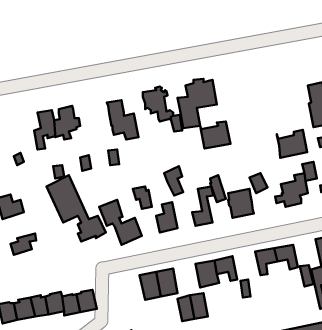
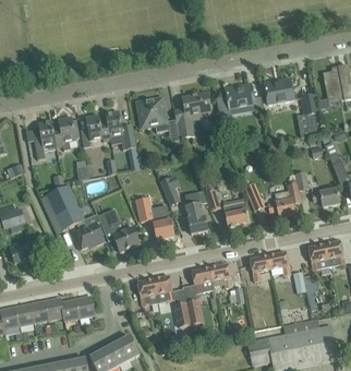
building: none -> [85,115,110,142]
building: [200,121,230,148] -> [225,83,254,109]
building: [277,130,307,158] -> [264,77,293,105]

